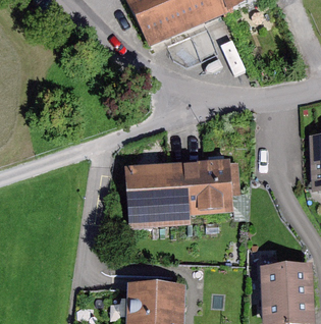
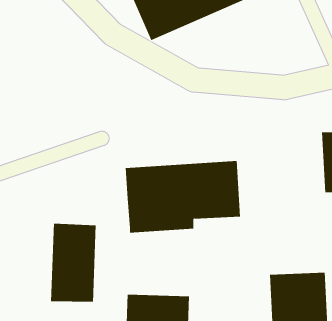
building: none -> [51,223,96,303]

